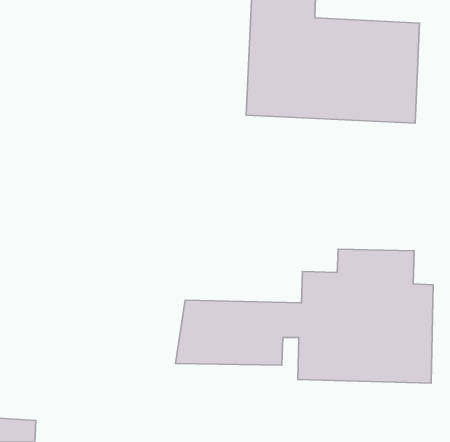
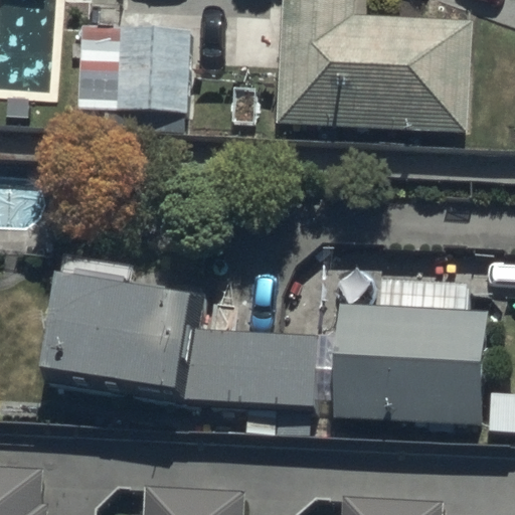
building: none -> [76,30,188,130]
building: none -> [49,263,199,412]

